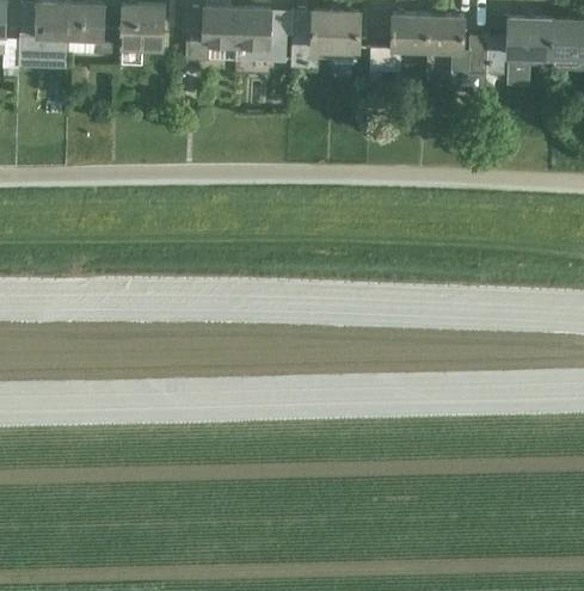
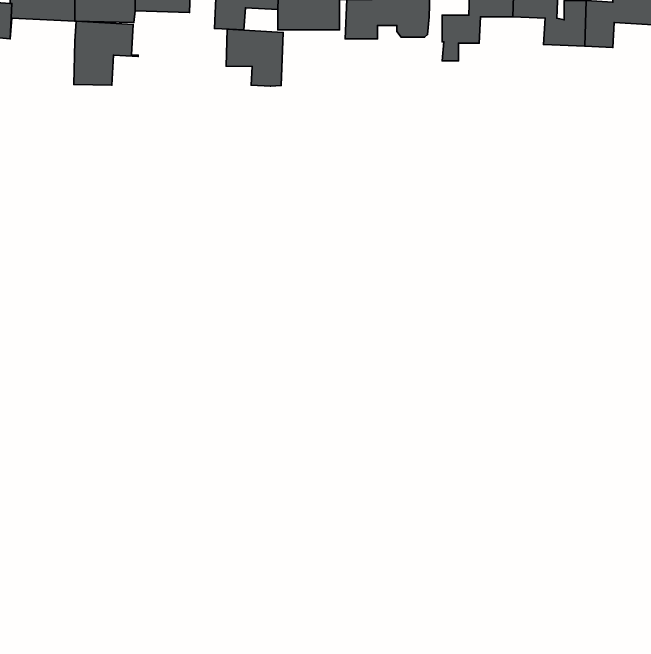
building: none -> [74,21,138,85]
building: none -> [226,29,283,86]

